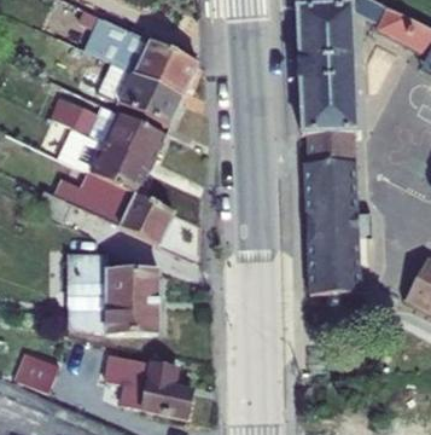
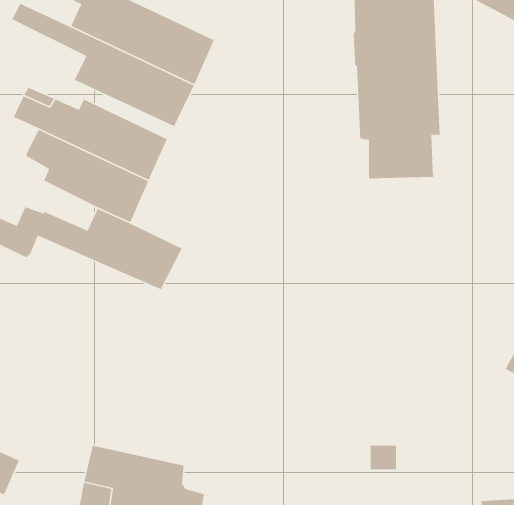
building: [303,161,372,292] -> none
building: [66,251,158,331] -> none

